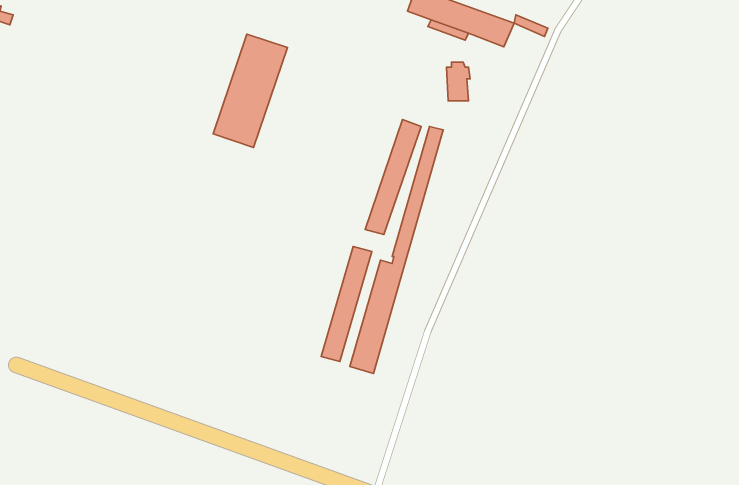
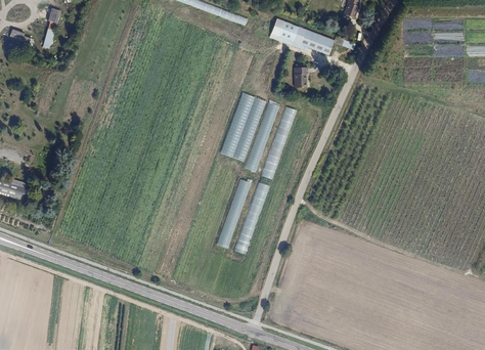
building: [213,34,287,147] -> [220,92,265,161]

